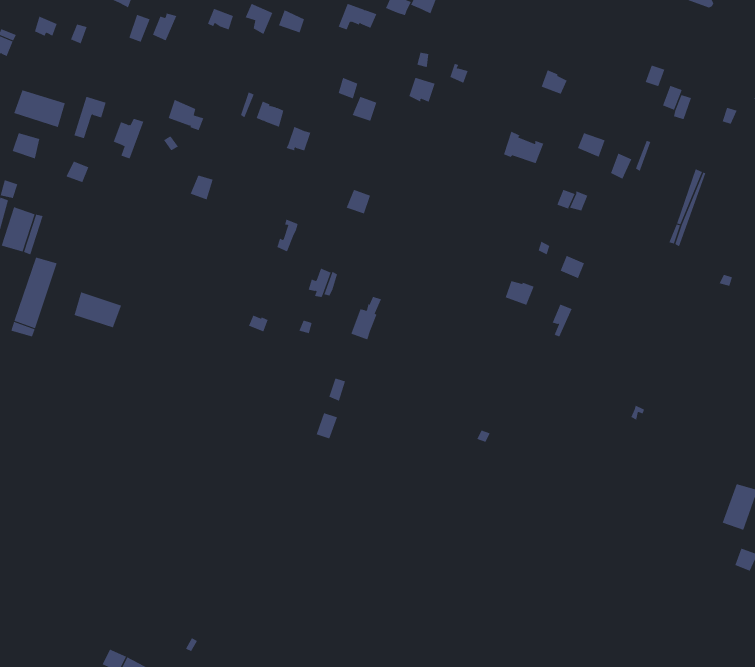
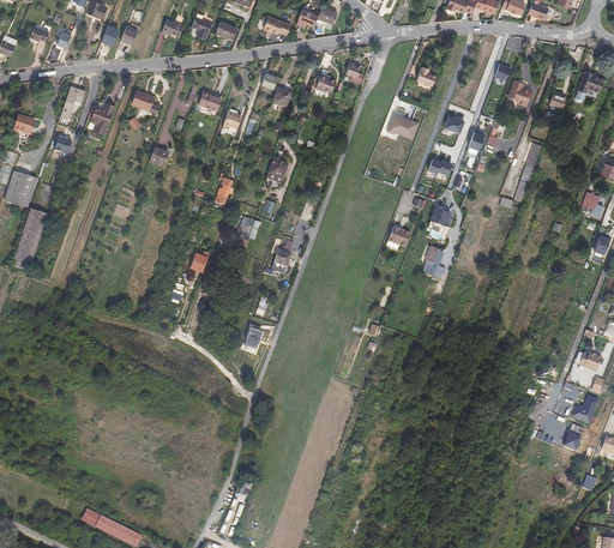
building: [13,90,65,128] -> none
building: [74,291,122,328] -> none

